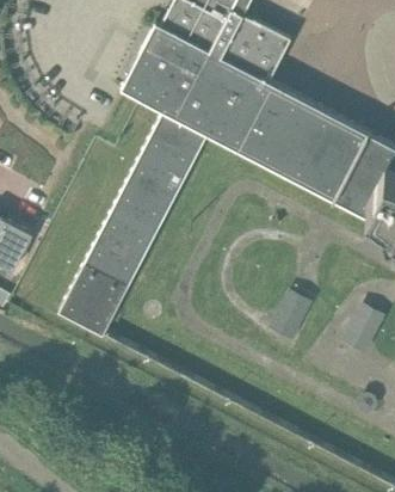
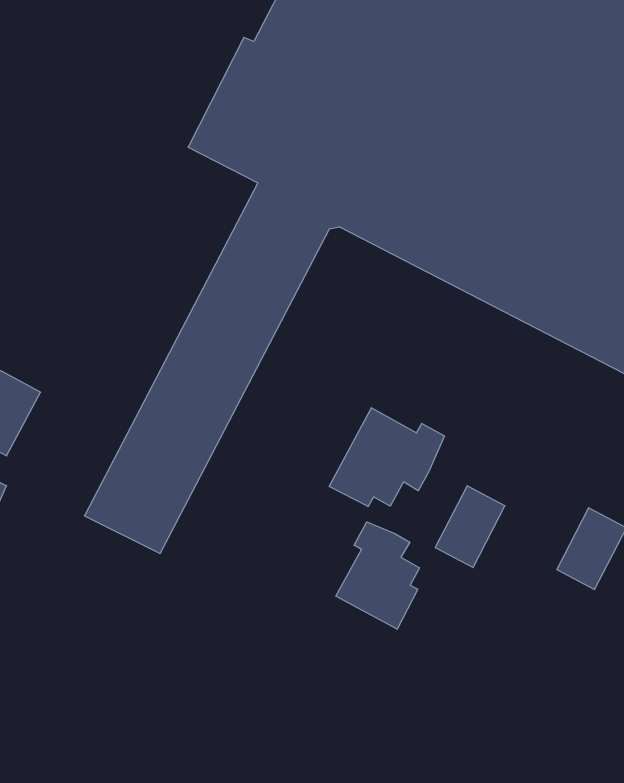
building: none -> [329,408,444,507]
building: none -> [336,522,419,629]

